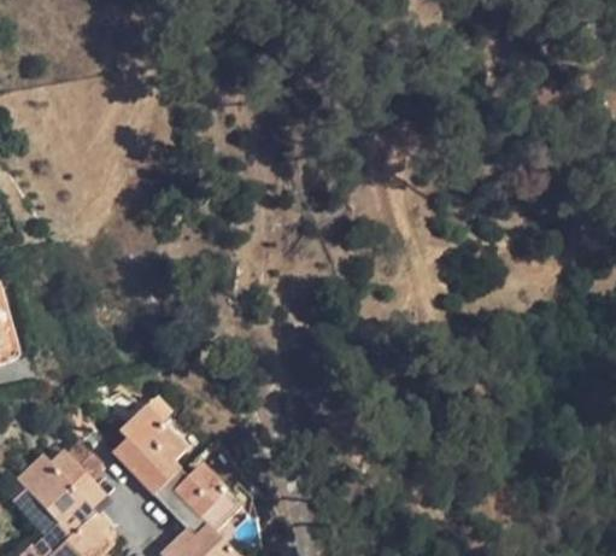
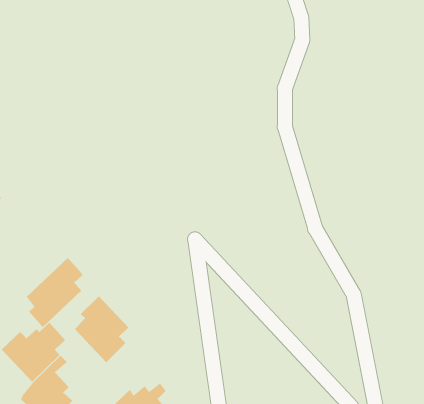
building: none -> [26,257,83,328]
building: [156,466,240,537] -> none

